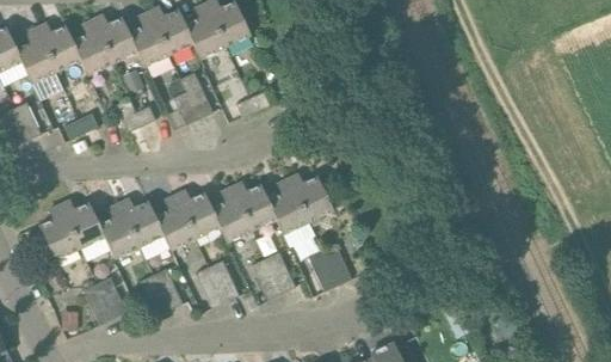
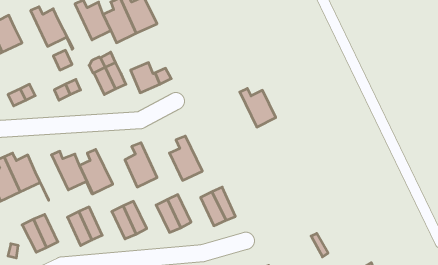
building: [128,10,169,66] -> none
building: [72,18,113,74] -> none
building: [288,172,333,221] -> [240,88,276,127]
building: [232,180,284,233] -> none
building: [174,188,227,241] -> none
building: [98,201,140,257] -> none

